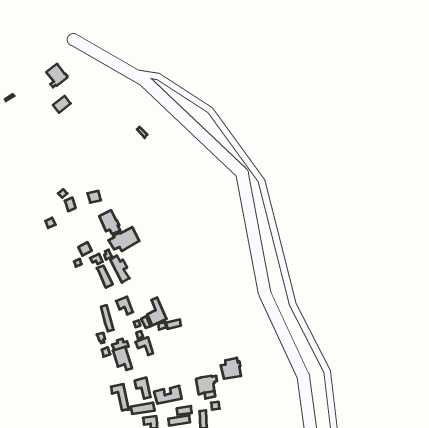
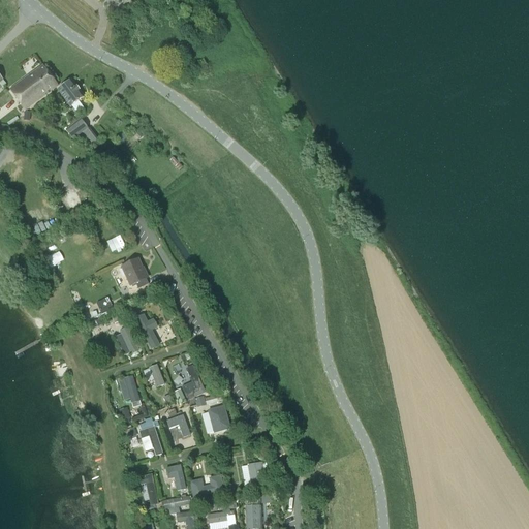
building: none -> [9,64,57,110]
building: [108,227,139,251] -> none
building: none -> [208,405,229,433]
building: [221,358,241,379] -> none

